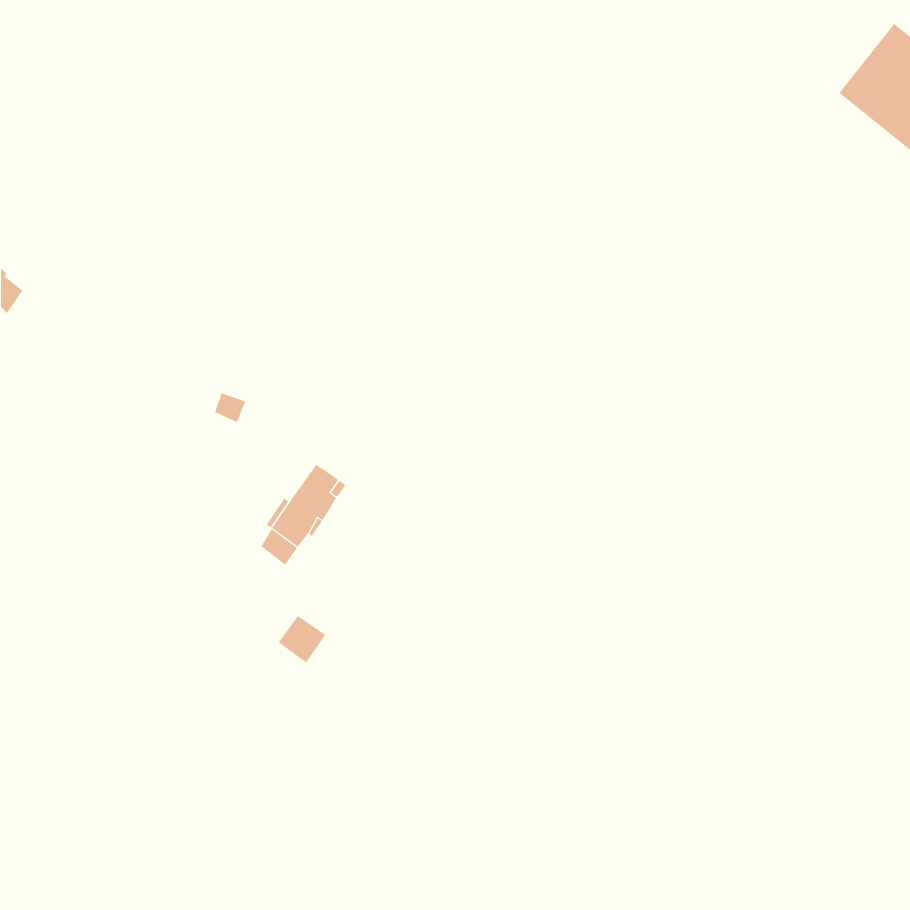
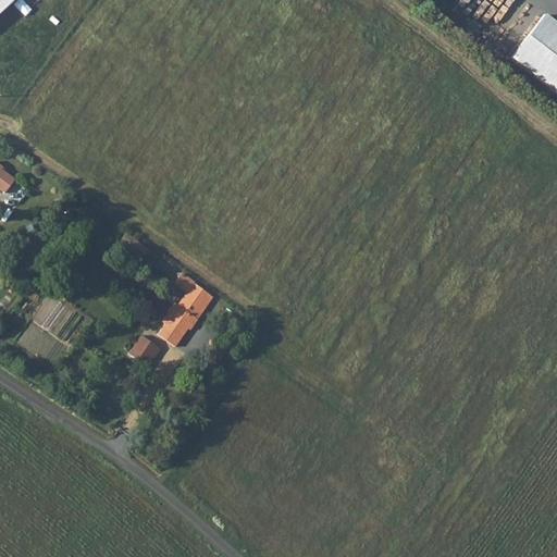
building: [278,615,326,664] -> [129,333,159,362]

